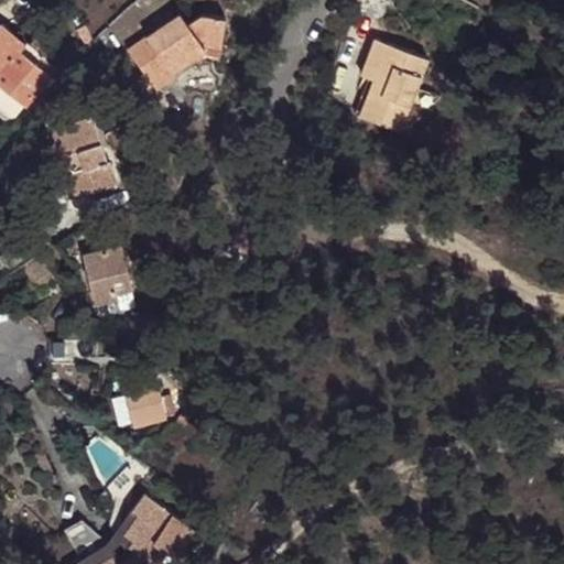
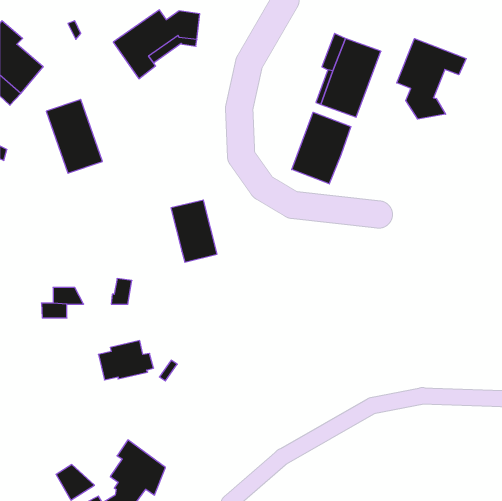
building: none -> [397,39,466,119]
building: none -> [292,112,351,184]
building: [83,246,134,315] -> [171,200,217,262]

